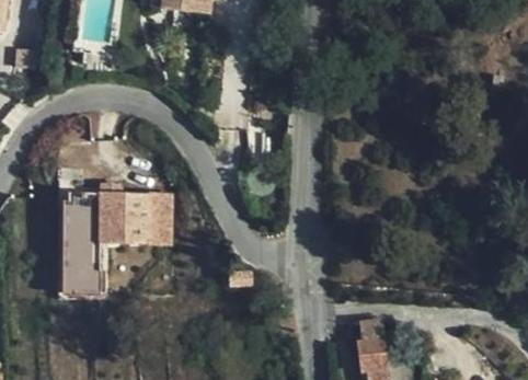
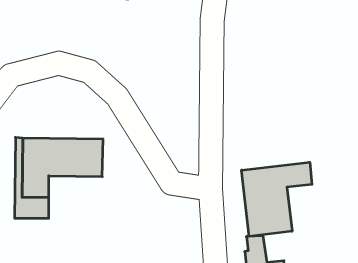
building: none -> [242,162,312,236]

